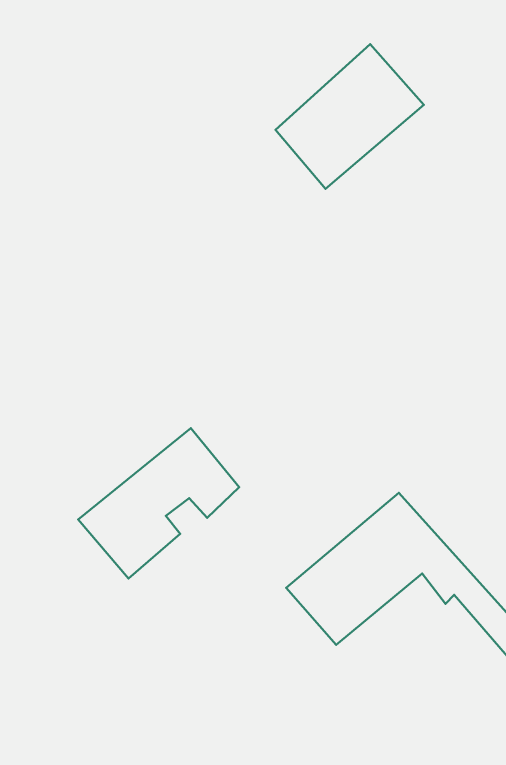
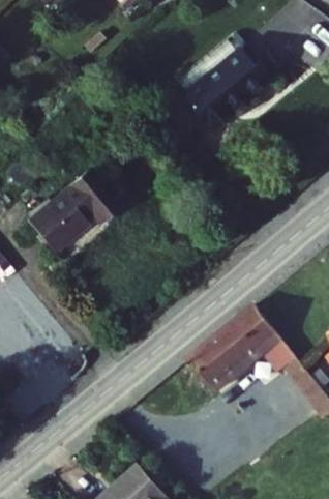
building: [78,428,239,578] -> [28,170,121,257]

